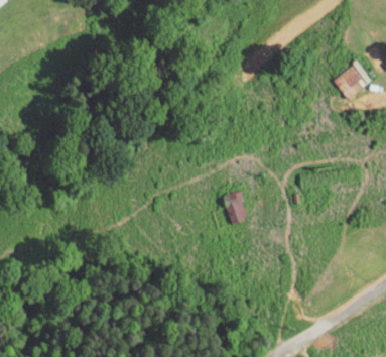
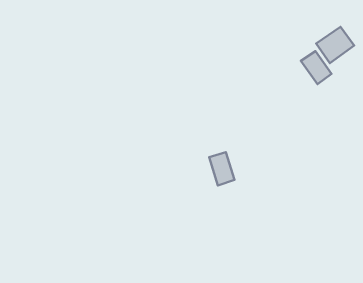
building: none -> [301,51,332,84]

